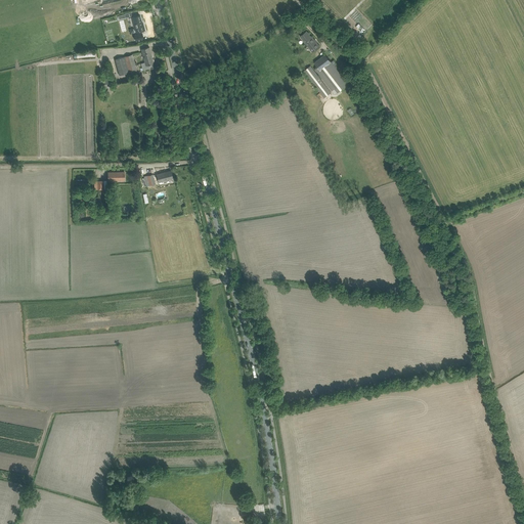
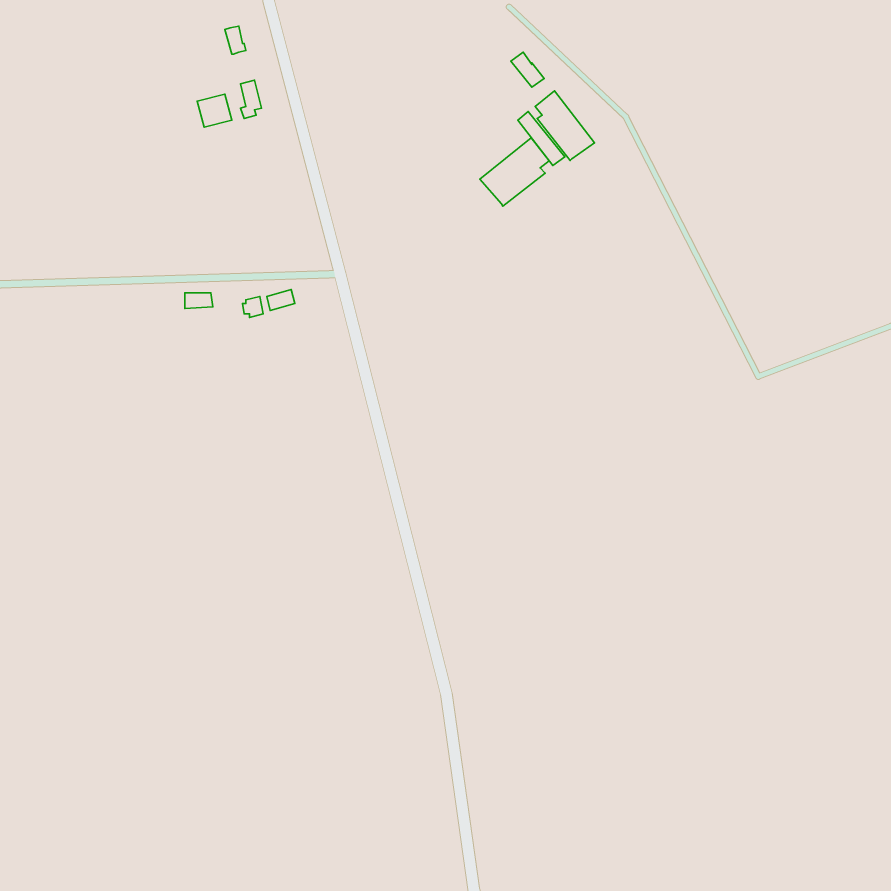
building: none -> [480,138,549,206]

